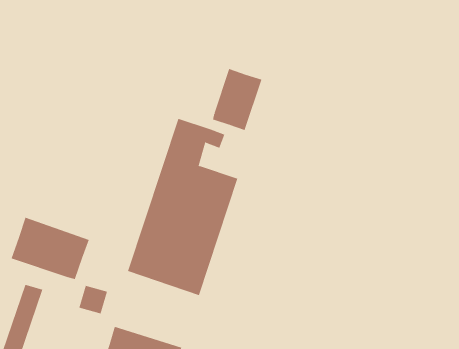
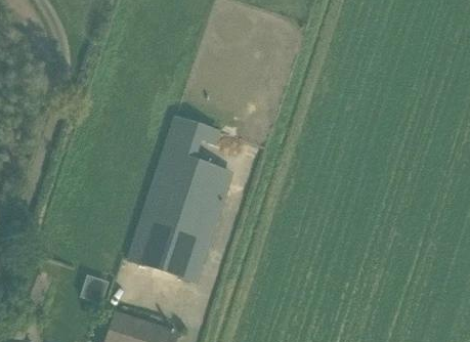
building: [213,68,262,131] -> none
building: [11,217,90,280] -> none

